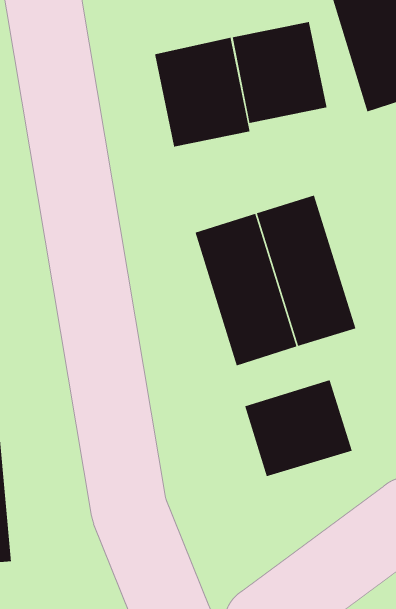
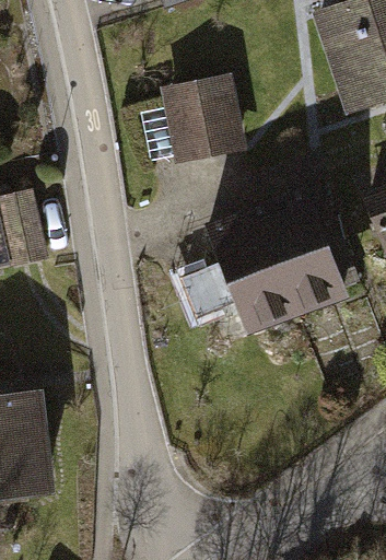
building: [232,21,328,124] -> none
building: [244,379,353,477] -> none

